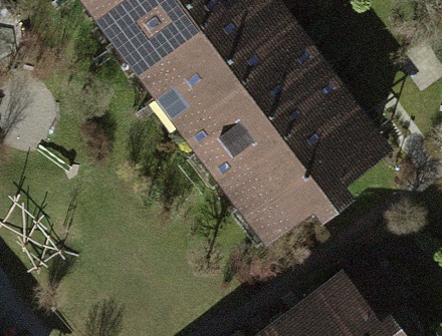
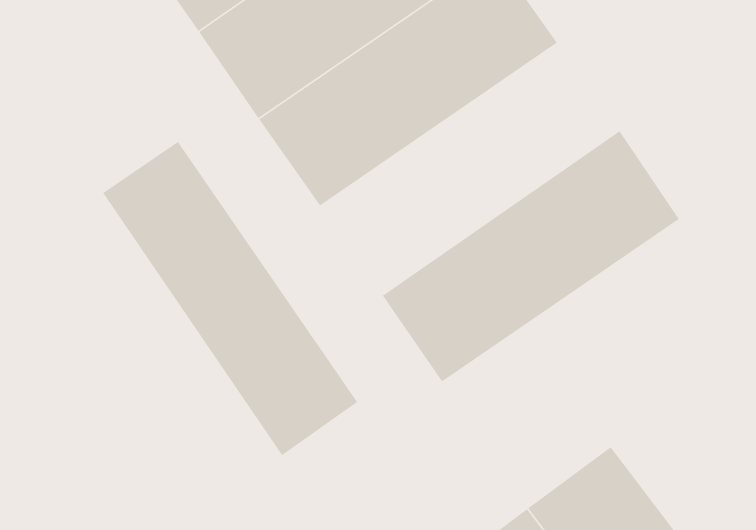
building: [185,52,351,192] -> none
building: none -> [102,141,358,456]

